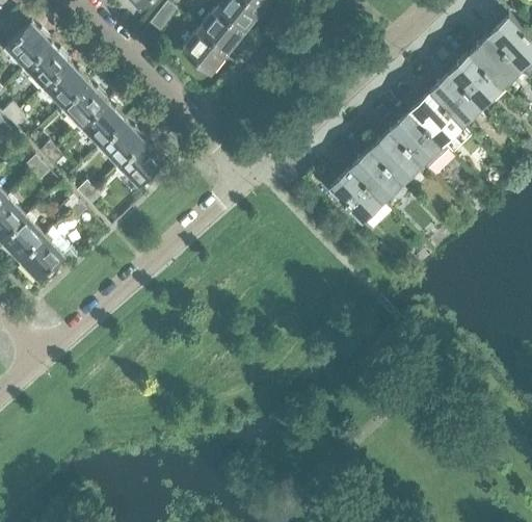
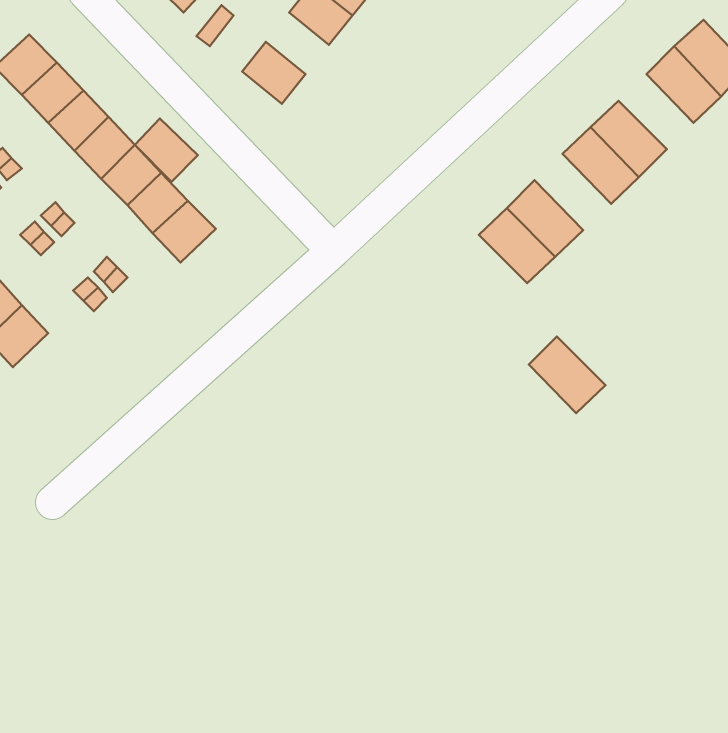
building: [200,10,244,54] -> none
building: [449,54,502,107] -> none
building: none -> [135,118,198,182]
building: [390,110,444,164] -> none
building: [330,167,384,221] -> [529,337,605,413]
building: [21,230,73,281] -> none

